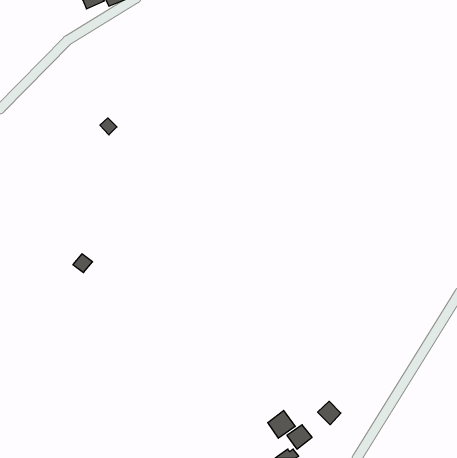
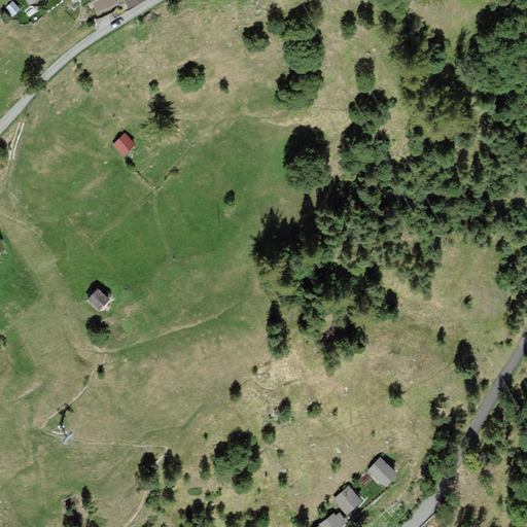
building: [268,410,295,438] -> none

